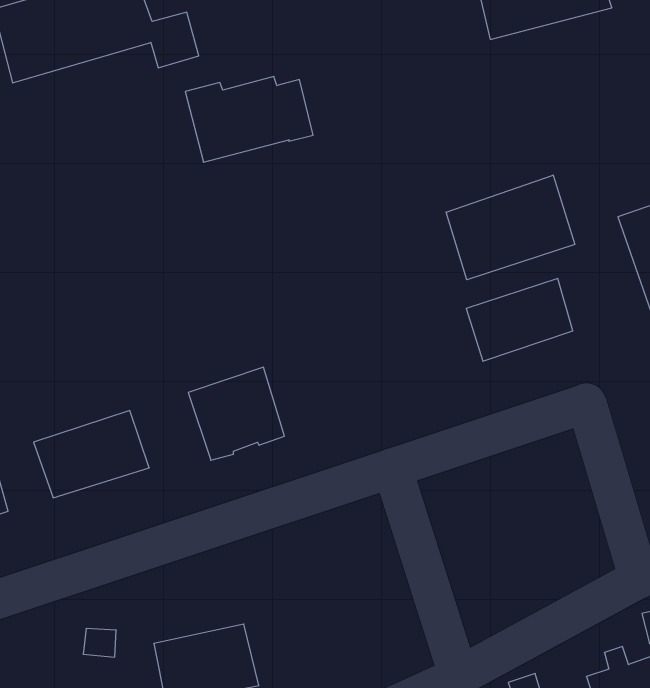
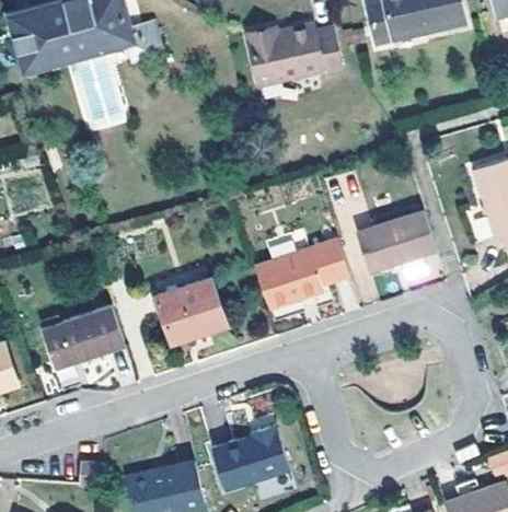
building: [185,77,313,162] -> [247,22,340,84]
building: [446,175,575,280] -> none
building: none -> [255,243,349,311]
building: none -> [217,429,296,492]

